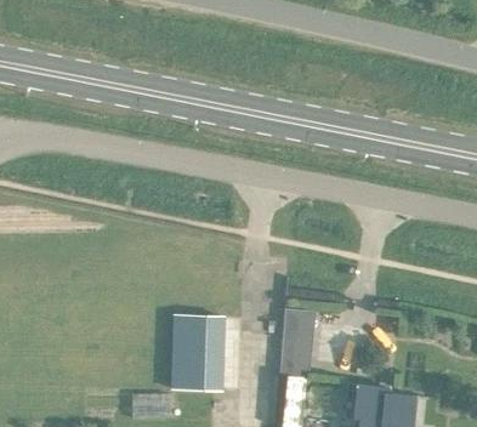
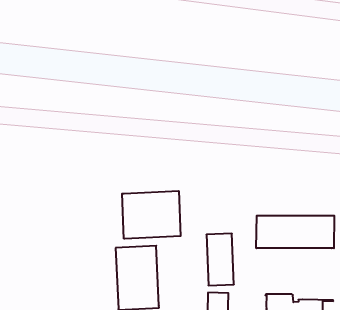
building: none -> [122,191,181,239]
building: none -> [256,216,334,248]

